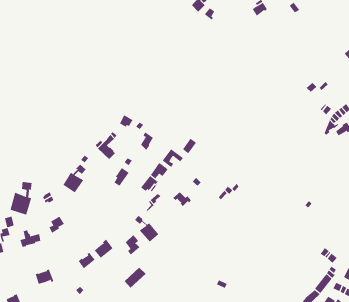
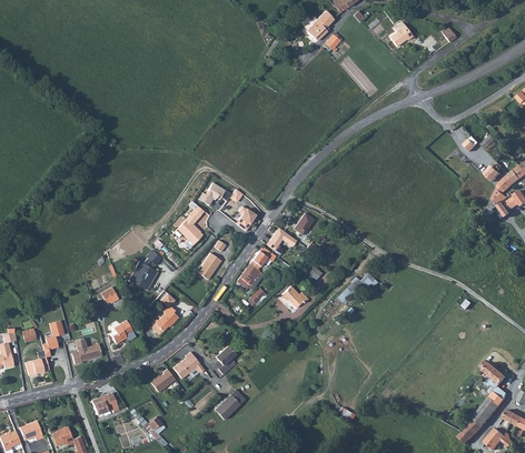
building: [10,181,32,216] -> none
building: none -> [150,293,178,335]
building: [134,215,159,242] -> none

